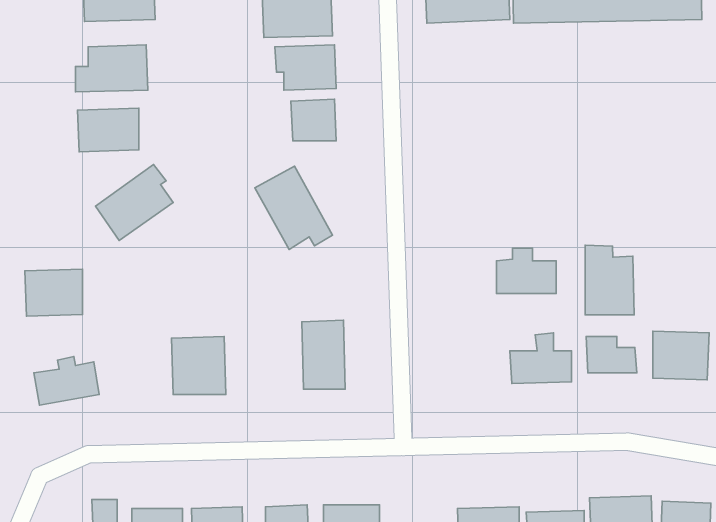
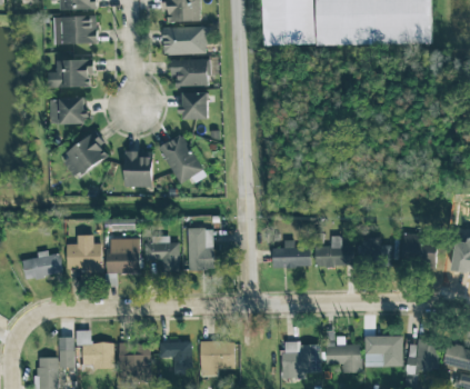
building: none -> [124,151,152,187]
building: [585,245,634,315] -> none
building: [496,248,556,294] -> [272,240,309,268]
building: [25,269,83,316] -> [66,243,101,272]
building: none -> [146,236,179,272]

